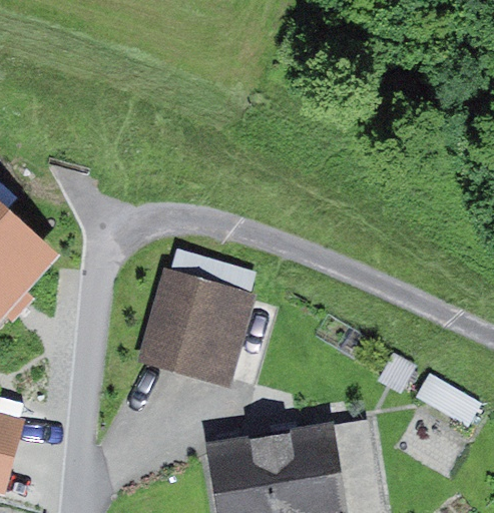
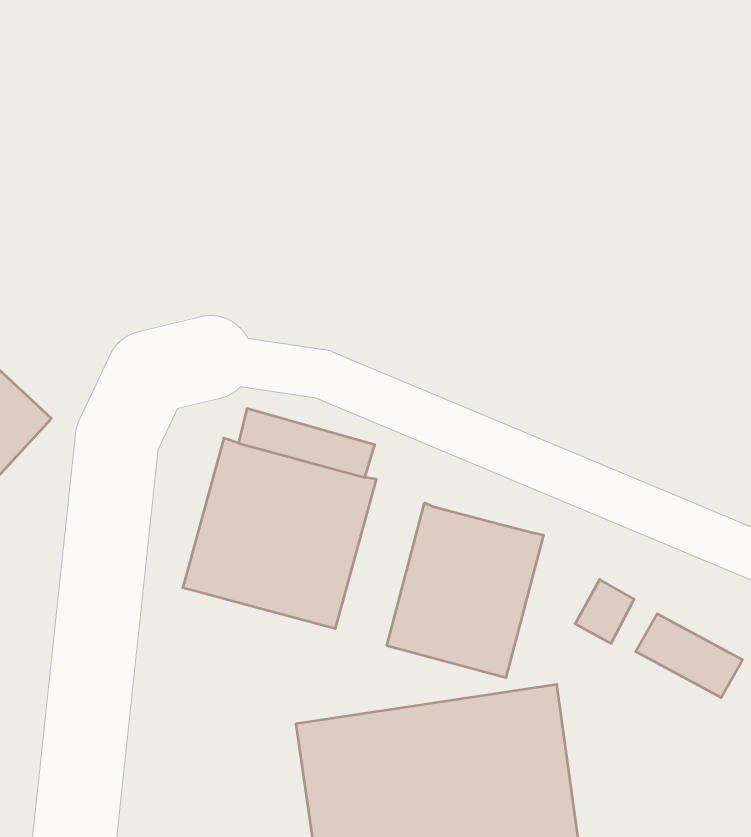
building: none -> [387,503,544,678]

